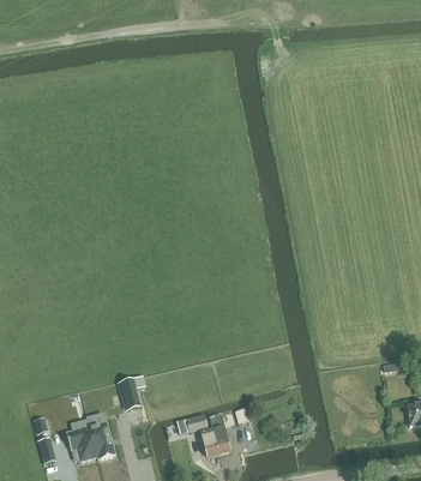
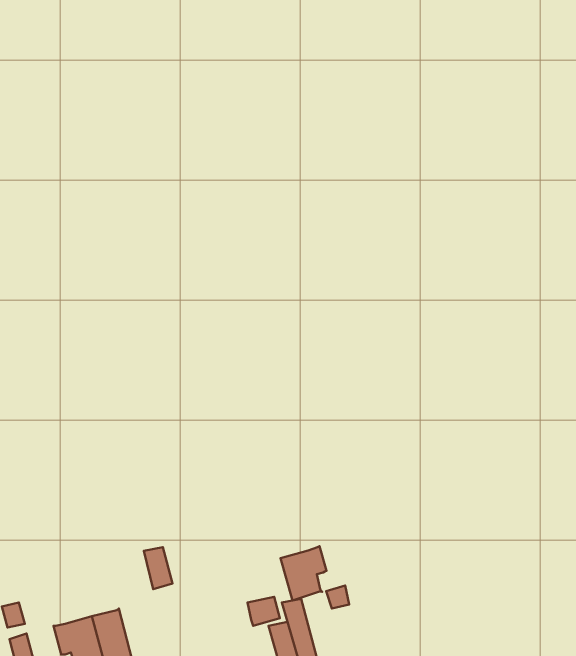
building: none -> [280,546,326,601]

